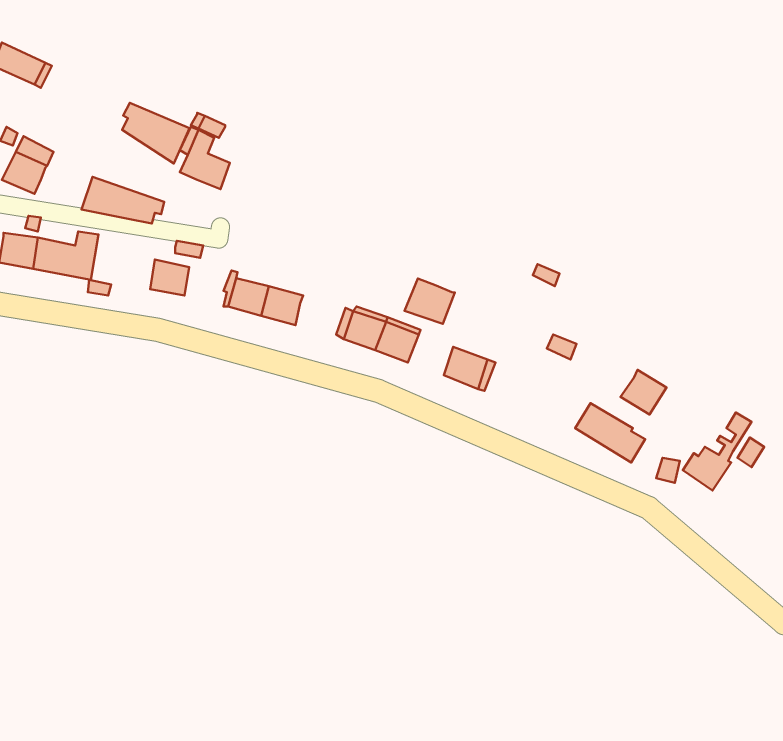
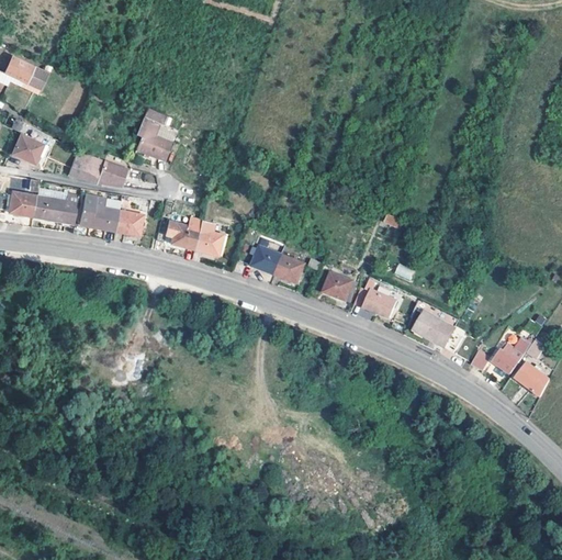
building: [122,103,190,164] -> none
building: none -> [81,193,119,231]
building: [405,278,455,324] -> none
building: [621,370,666,415] -> none
building: none -> [362,289,396,317]
building: none -> [516,361,550,394]

